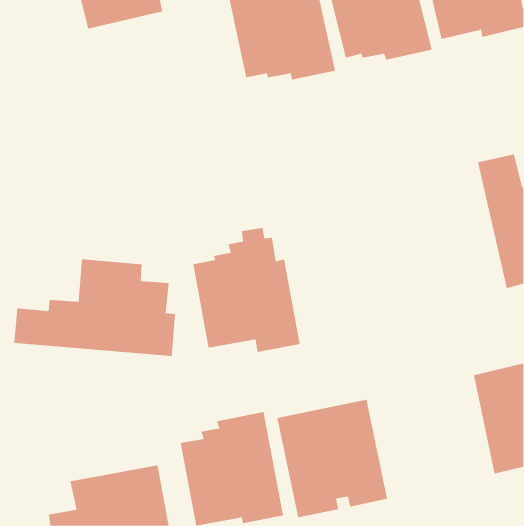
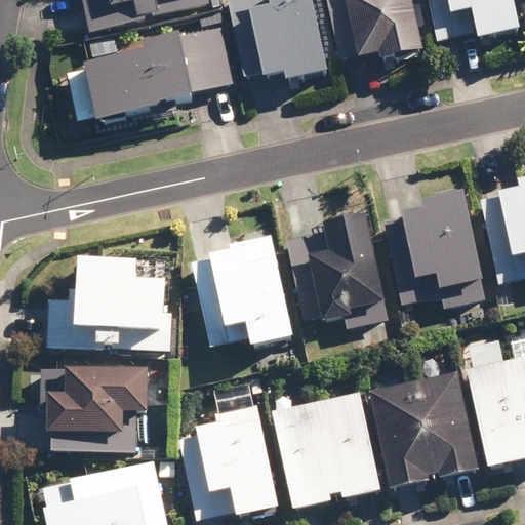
building: none -> [82,26,231,117]
building: none -> [385,193,486,309]
building: none -> [284,214,387,323]
building: none -> [40,364,149,451]
building: none -> [370,371,480,489]

